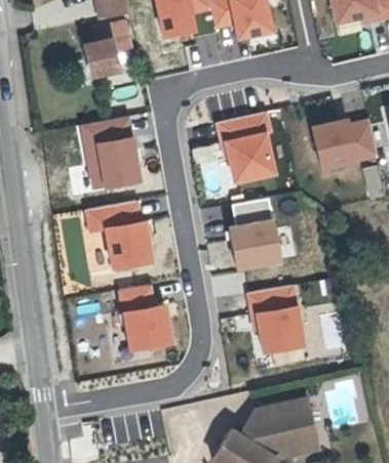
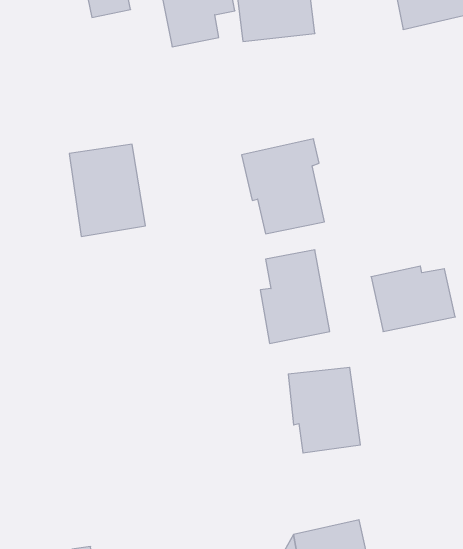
building: [84,25,128,75] -> none
building: [312,117,377,167] -> [371,266,455,332]
building: [87,201,152,266] -> none
building: [119,284,170,343] -> none

